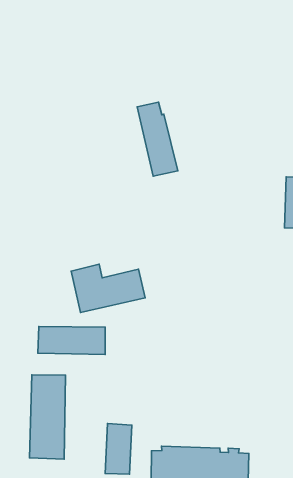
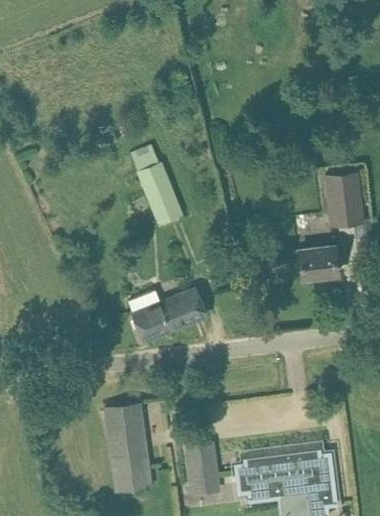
building: [137,102,178,176] -> [133,151,182,225]
building: none -> [298,247,339,279]
building: [38,327,105,354] -> none

